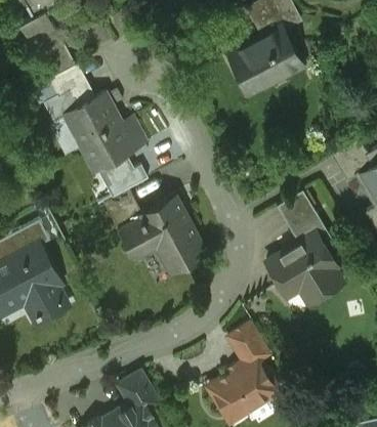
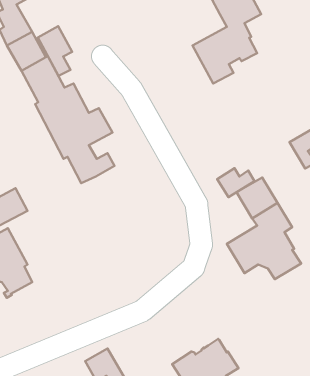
building: none -> [38,26,72,76]
building: none -> [217,168,254,197]
building: [102,193,204,266] -> none
building: [226,325,269,370] -> none

